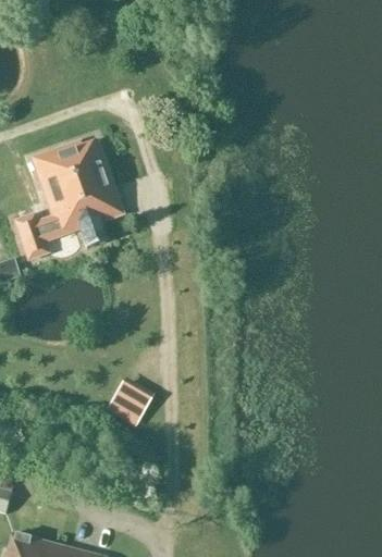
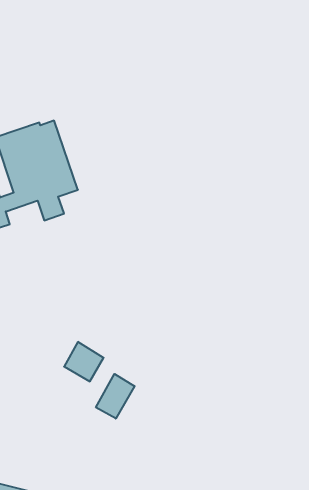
building: none -> [96,374,135,419]

